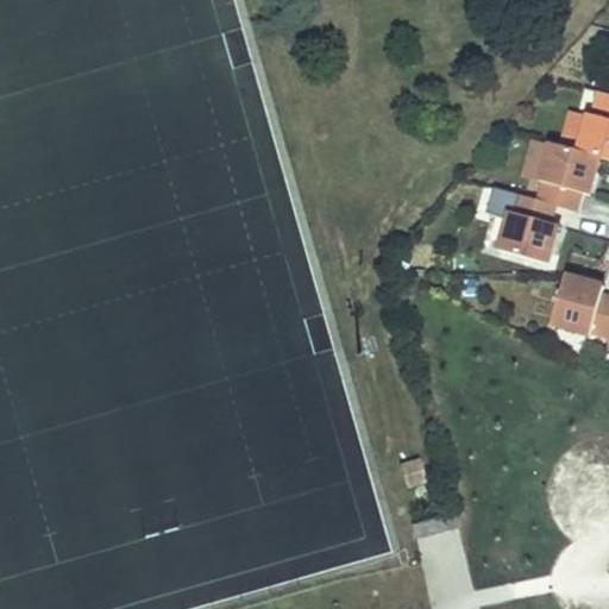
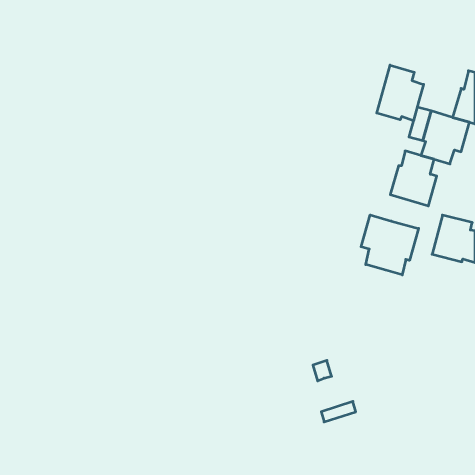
building: none -> [377,65,424,121]
building: none -> [361,215,419,275]

